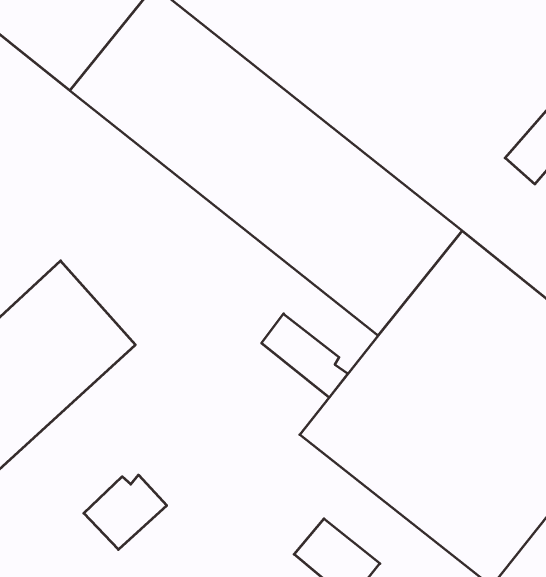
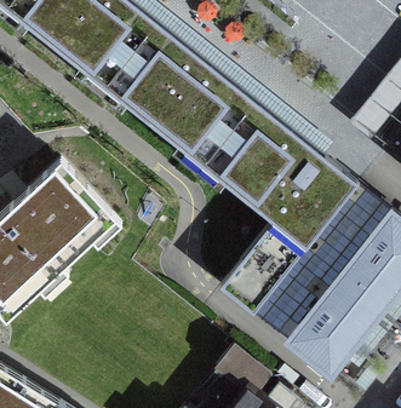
building: [262,314,348,397] -> none
building: [84,475,167,550] -> none

